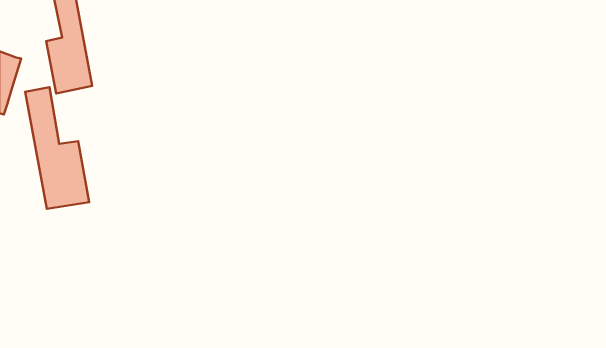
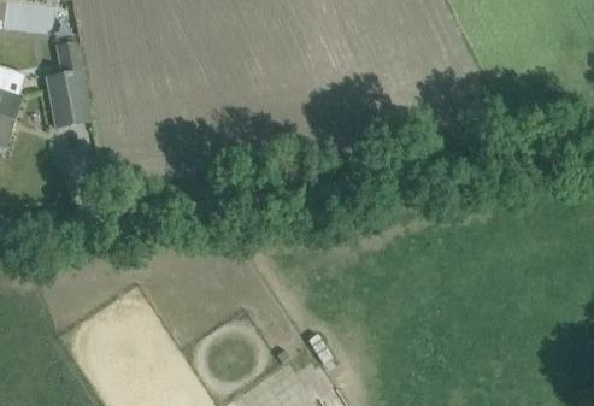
building: [25,87,89,209] -> none

